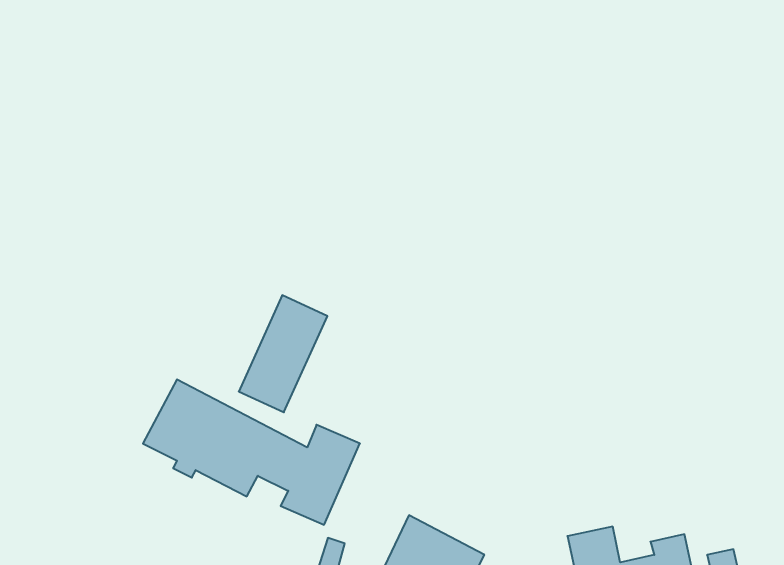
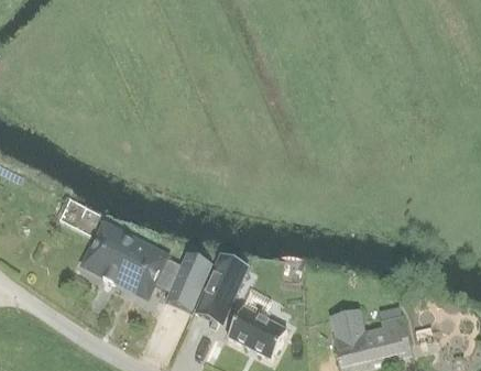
building: [239,295,327,412] -> [197,255,249,324]
building: none -> [64,201,98,230]

